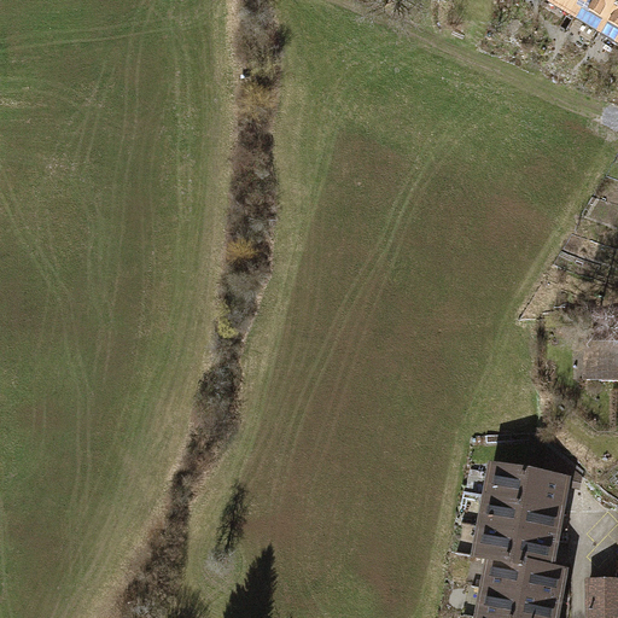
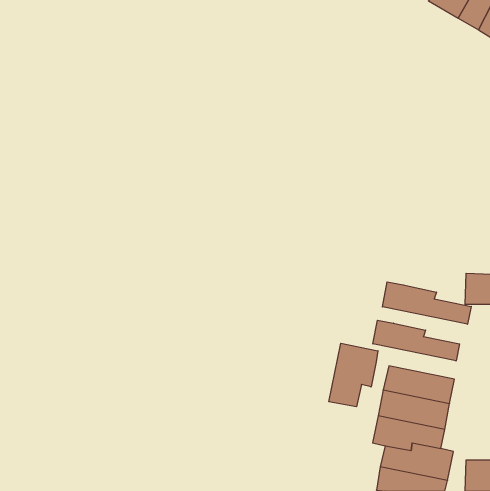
building: none -> [382,282,471,324]
building: none -> [373,320,460,361]
building: none -> [329,343,378,407]

